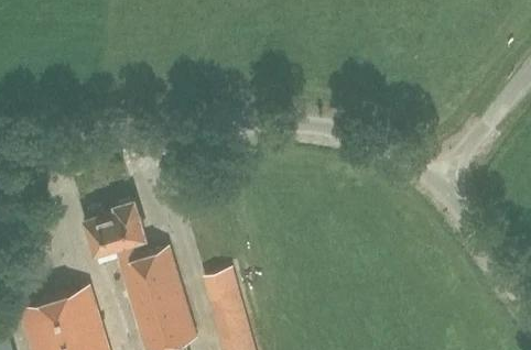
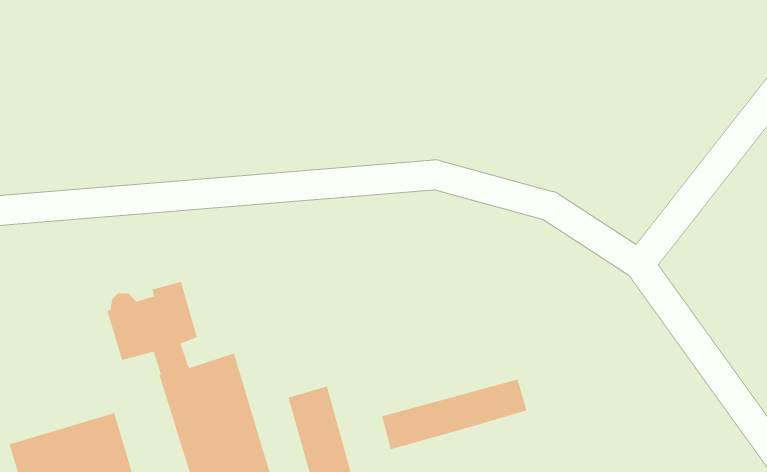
building: none -> [381,379,528,450]

